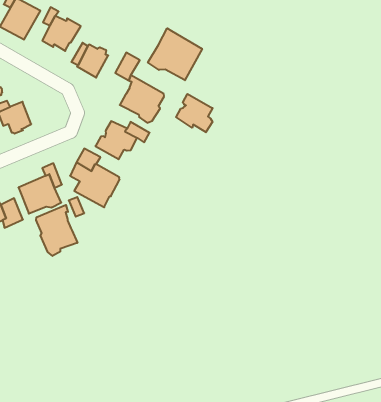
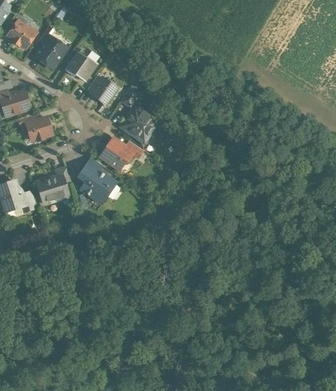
building: [148,28,202,80] -> none
building: [176,94,213,132] -> none
building: [36,205,77,256] -> none

